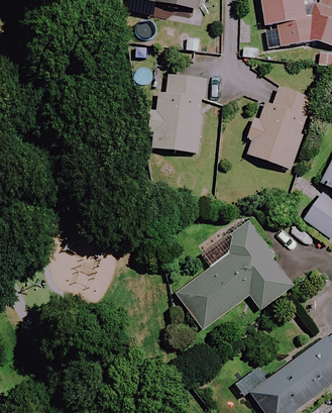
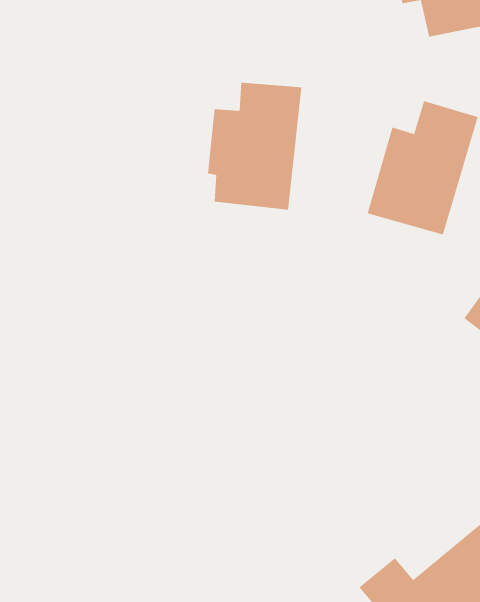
building: [176,224,292,329] -> none

